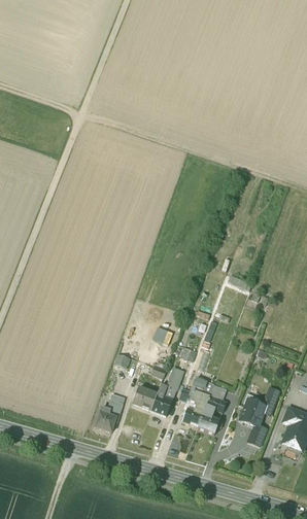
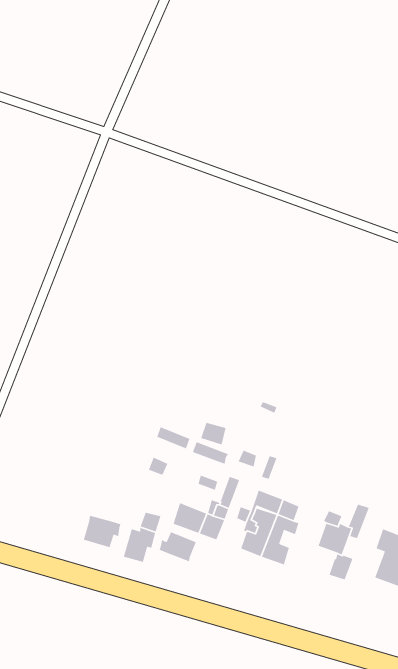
building: none -> [83,514,121,548]
building: none -> [158,531,197,563]

